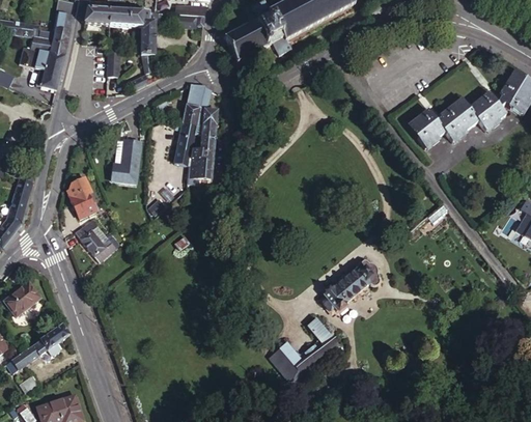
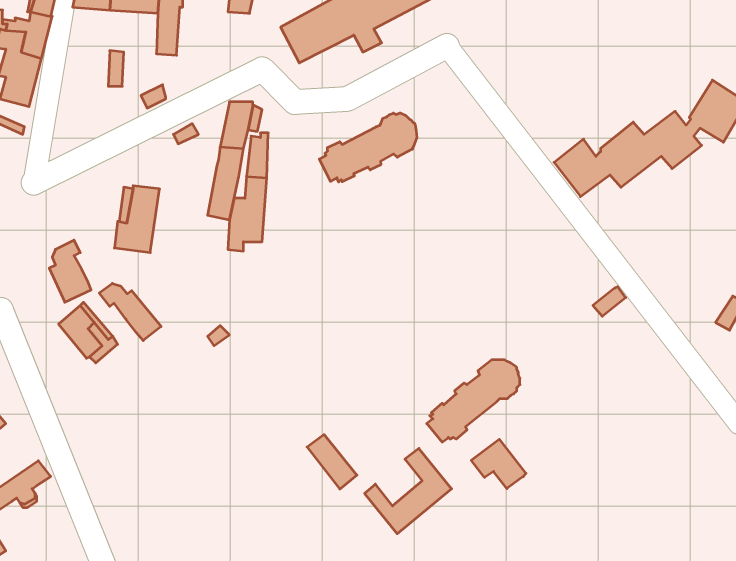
building: none -> [319,113,417,182]
building: none -> [99,283,161,341]
building: none -> [471,439,526,489]
building: [269,346,302,383] -> [307,435,357,489]

